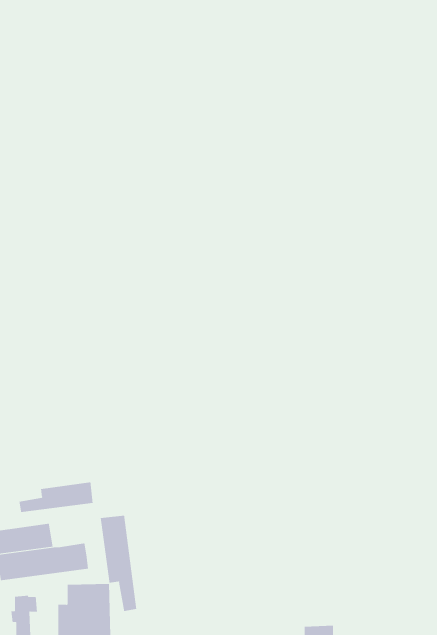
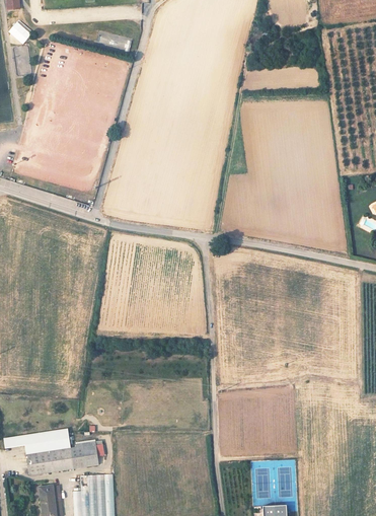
building: [19,482,93,513] -> none
building: [100,515,137,612] -> none

